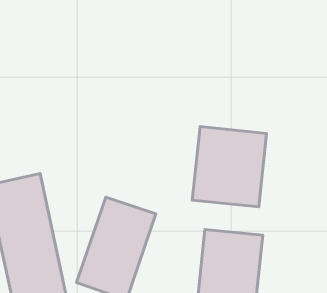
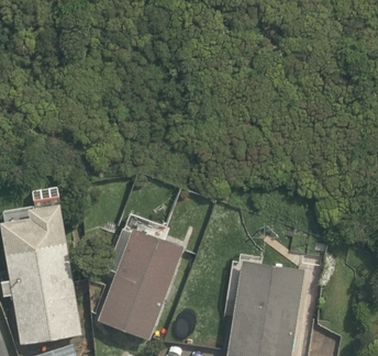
building: [192,127,267,207] -> none

